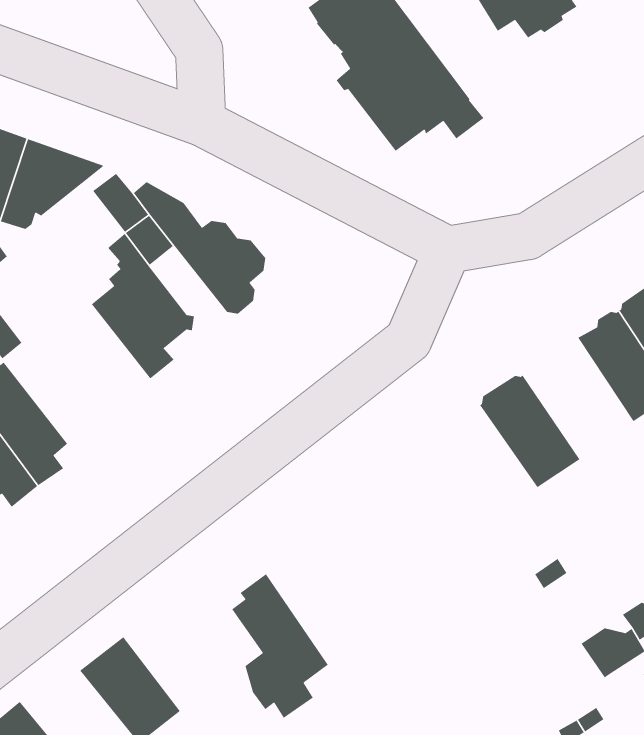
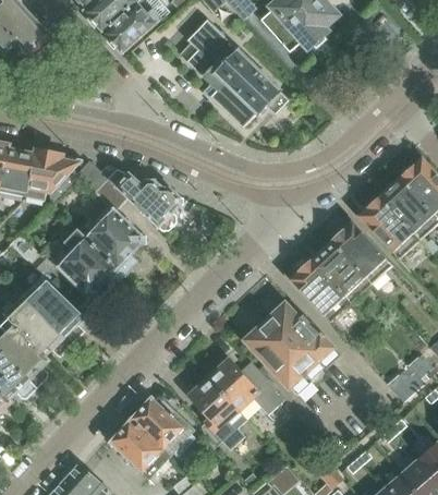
building: none -> [45,229,124,297]
building: none -> [331,221,390,282]
building: none -> [290,259,349,322]
building: none -> [245,303,339,395]
building: none -> [205,359,281,416]
building: none -> [131,396,192,456]

